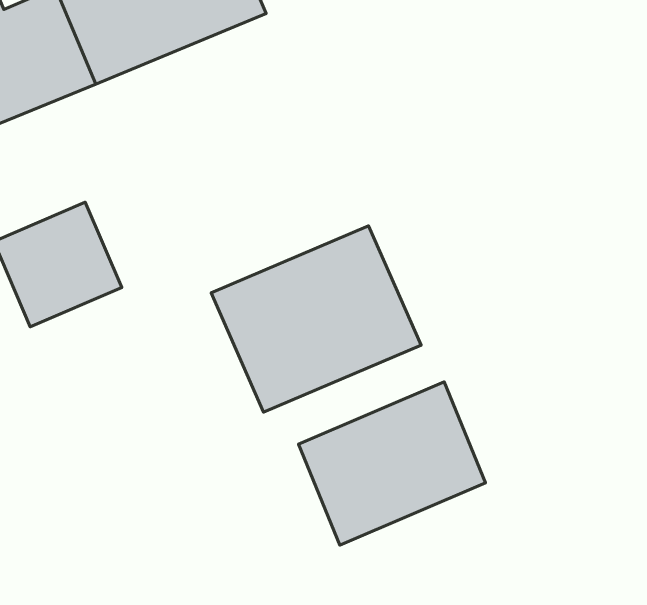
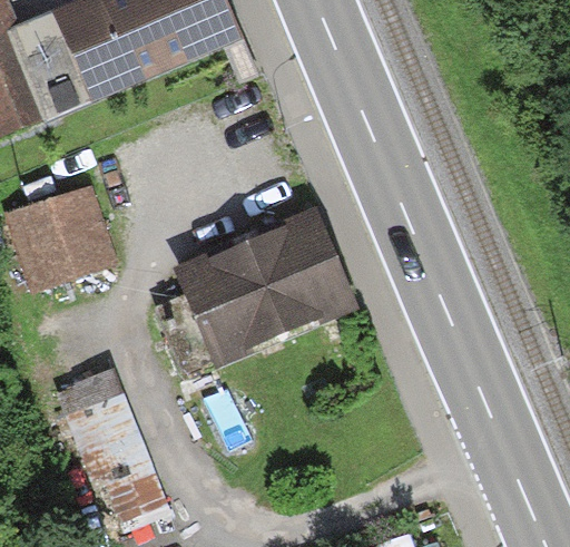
building: [298,382,486,545] -> none
building: none -> [48,355,161,514]

